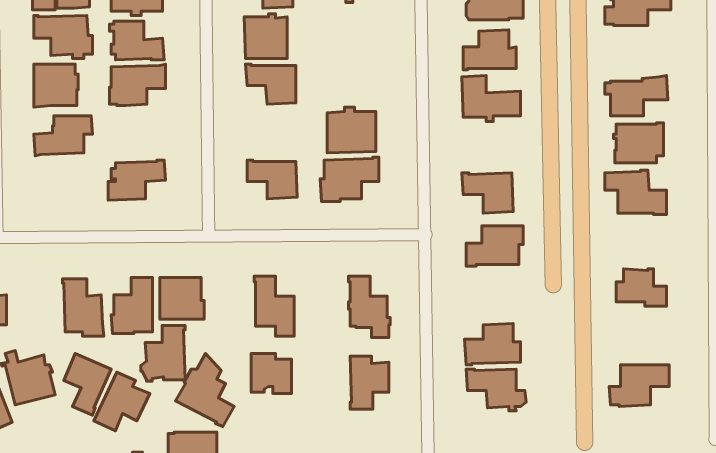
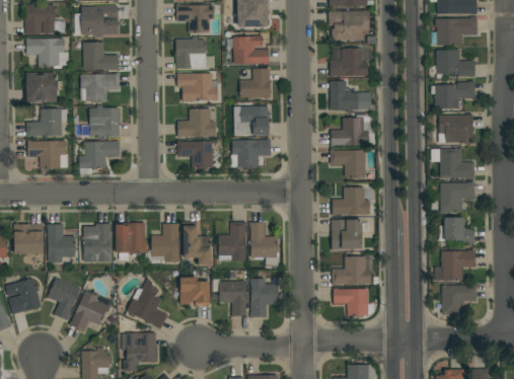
building: none -> [228,34,269,64]
building: none -> [429,50,474,76]
building: none -> [239,68,270,100]
building: none -> [89,105,120,136]
building: none -> [177,108,216,137]
building: none -> [331,113,372,146]
building: none -> [27,140,68,167]
building: none -> [430,181,475,212]
building: none -> [332,219,362,248]
building: none -> [219,221,246,260]
building: none -> [14,224,44,253]
building: none -> [434,249,475,280]
building: [141,325,185,381] -> [148,223,179,262]
building: none -> [213,279,247,315]

